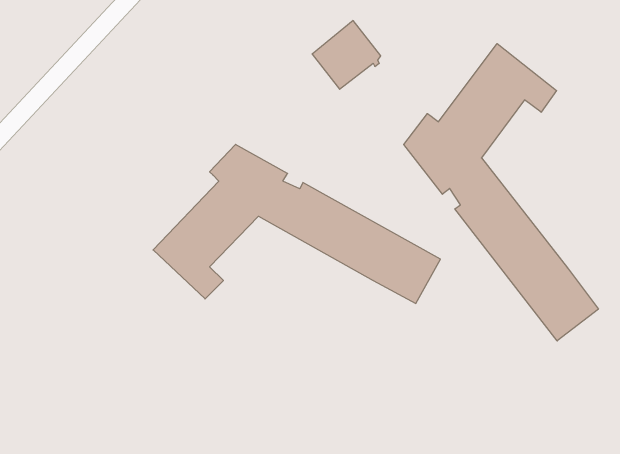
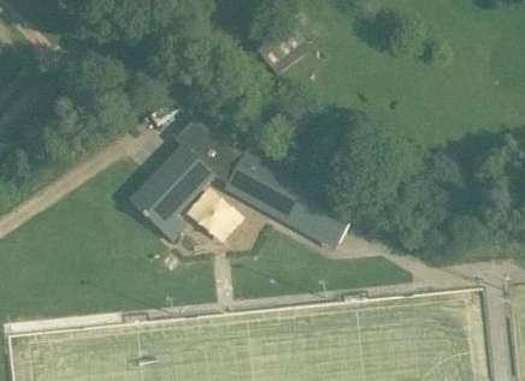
building: [404,44,598,341] -> none

